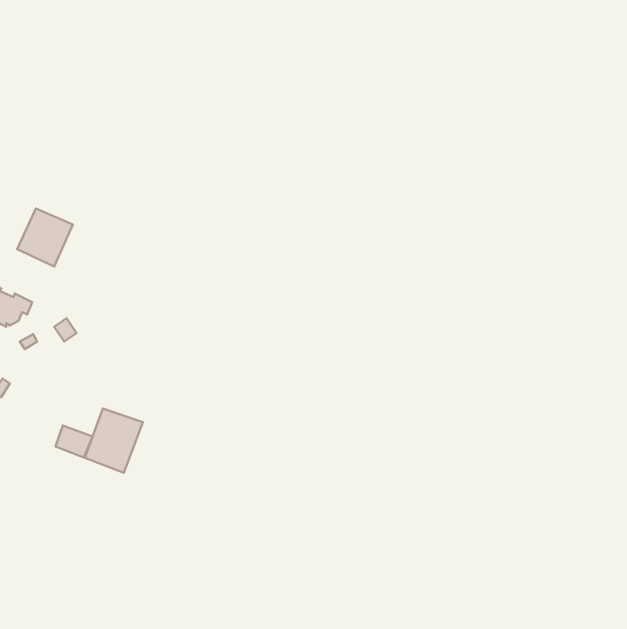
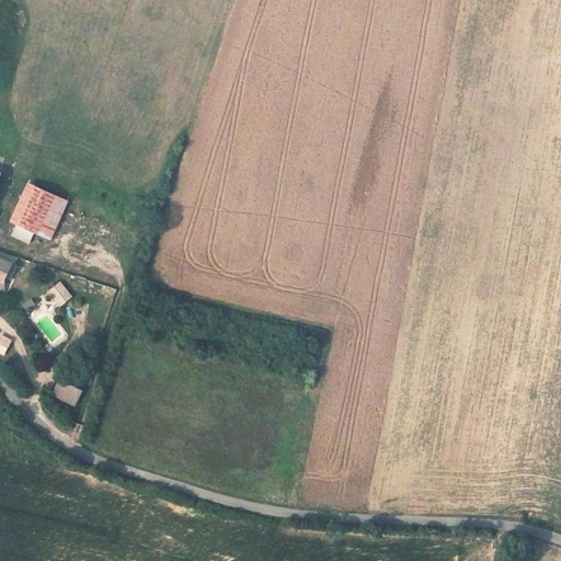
building: [85,408,143,473] -> none

